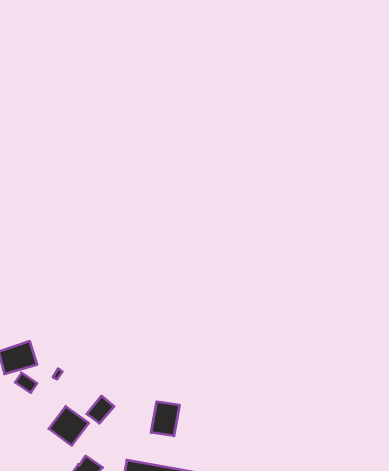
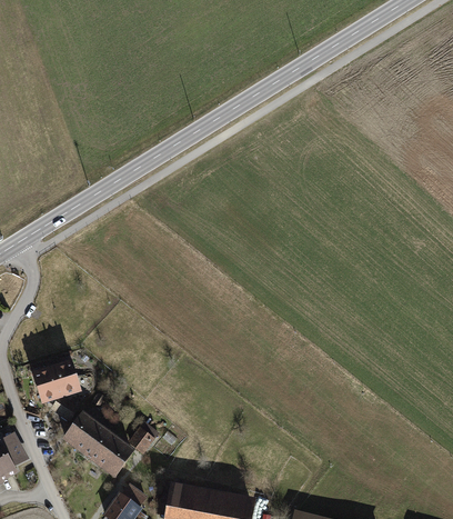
building: none -> [66,416,107,457]
building: [151,402,179,436] -> none

